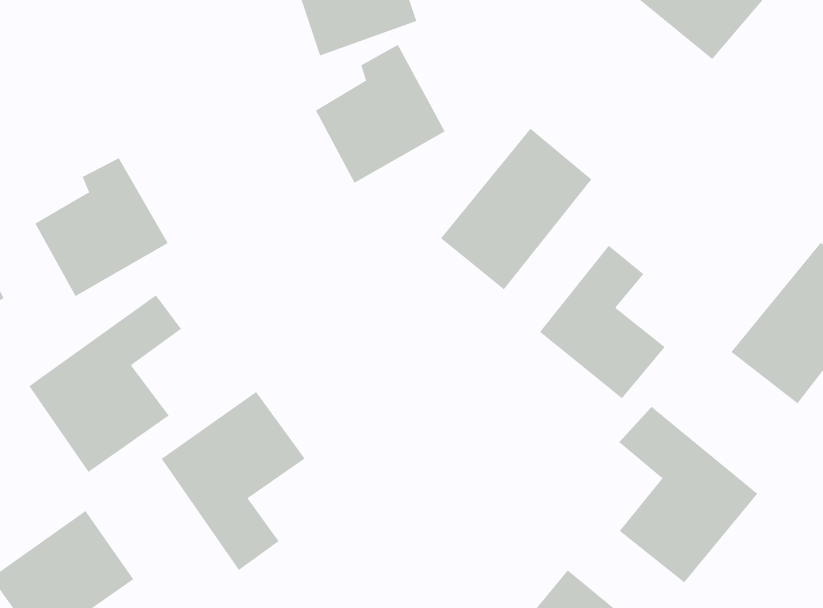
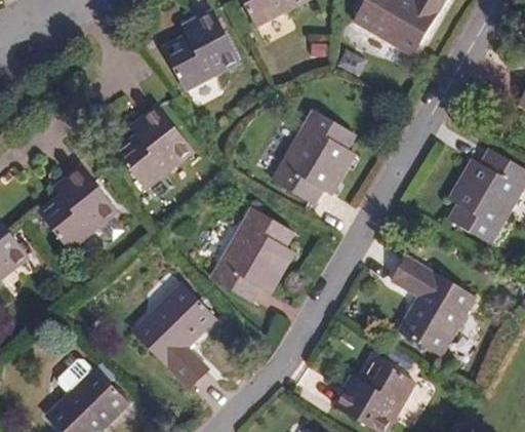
building: [315,44,445,184] -> [117,105,193,188]
building: [539,245,665,399] -> none
building: none -> [211,207,292,302]
building: [28,295,182,473] -> none

